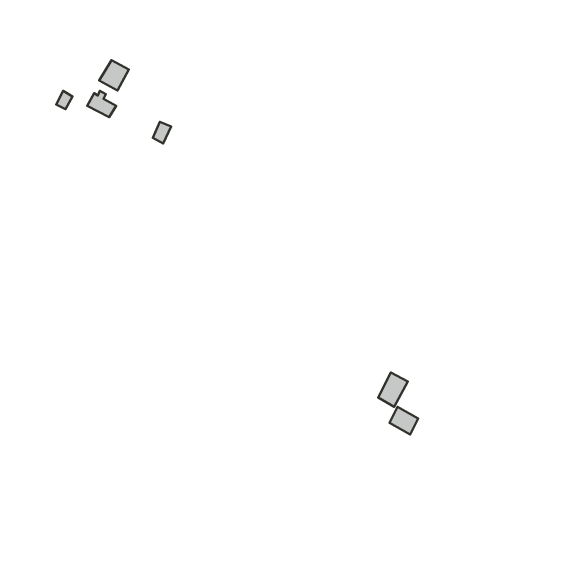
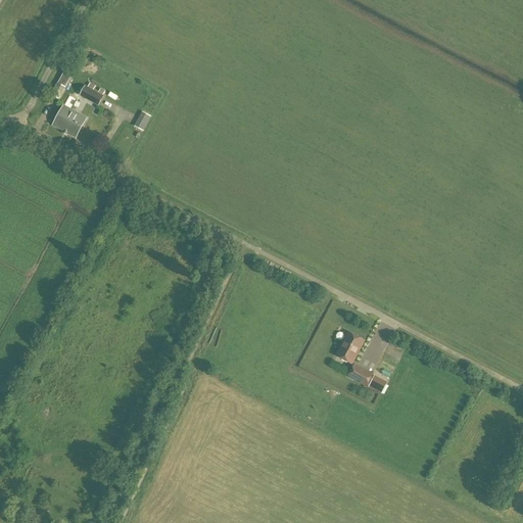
building: [99,60,129,91] -> none
building: none -> [52,104,85,136]

